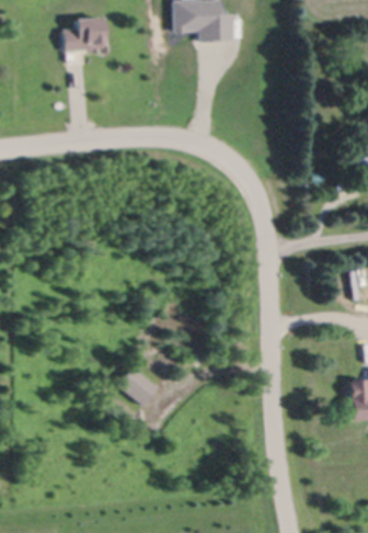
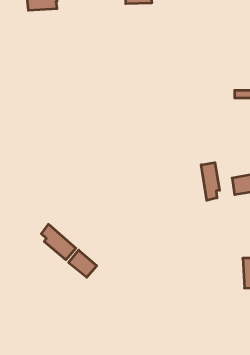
building: none -> [201,163,220,200]
building: none -> [41,224,76,260]

